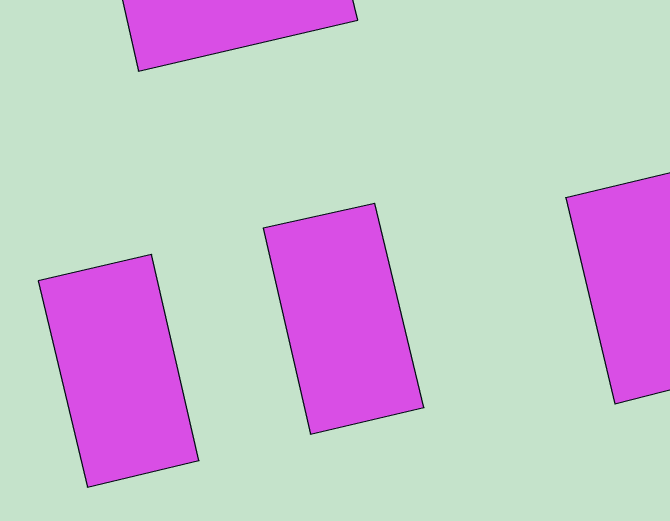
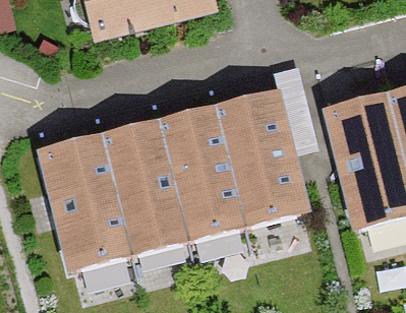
building: none -> [222,98,308,222]
building: none -> [102,125,187,250]

